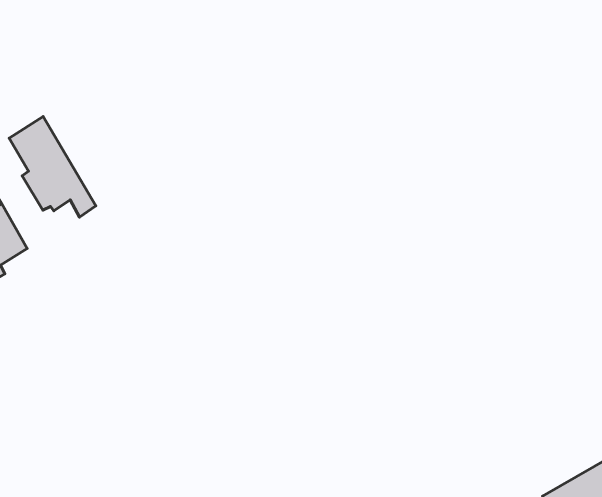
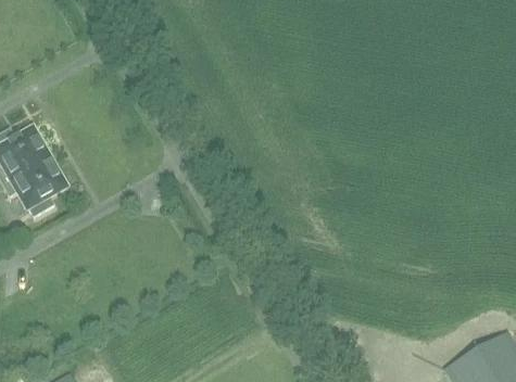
building: [9,117,96,217] -> none

